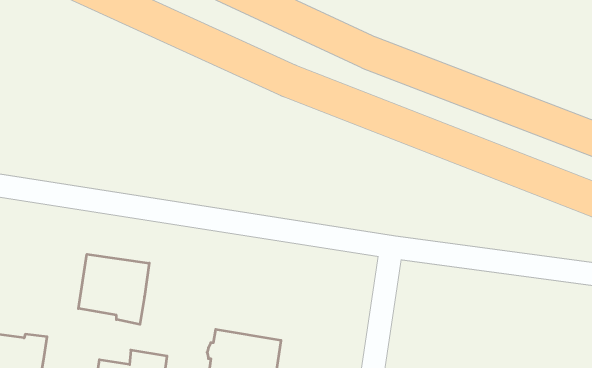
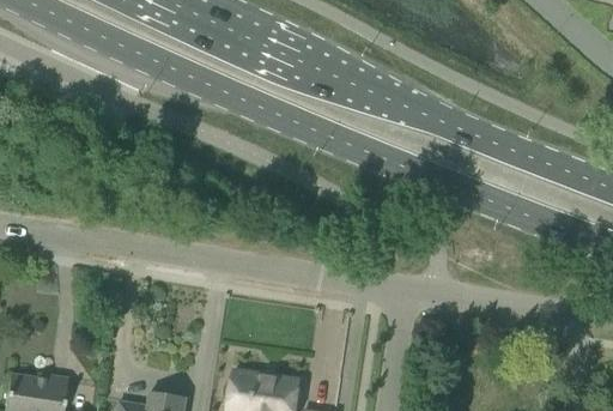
building: [78,254,149,324] -> none

